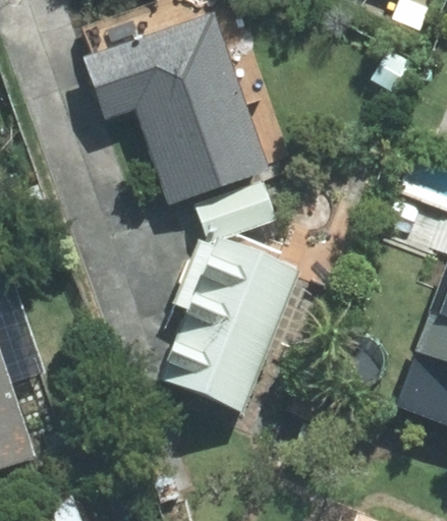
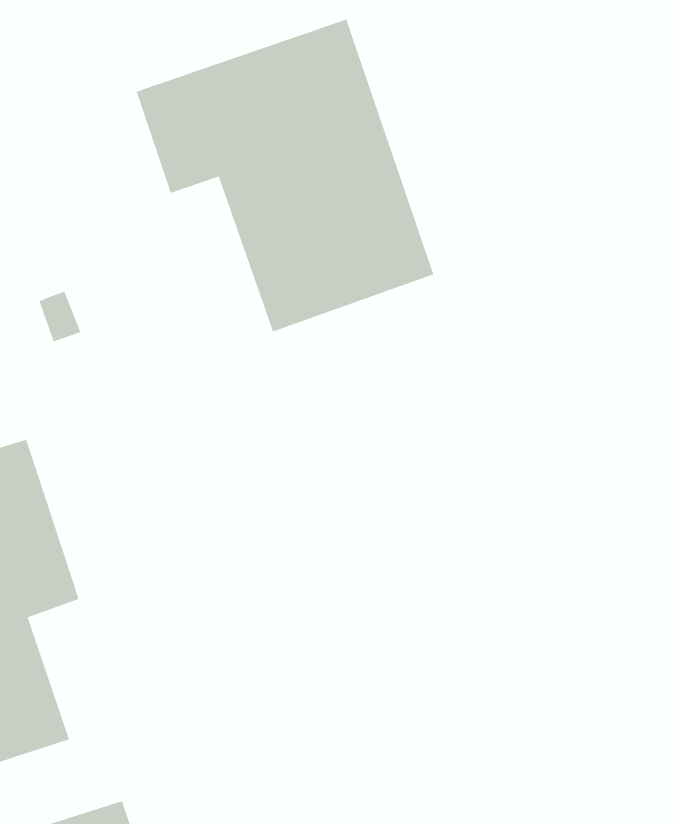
building: [157,237,295,409] -> none

